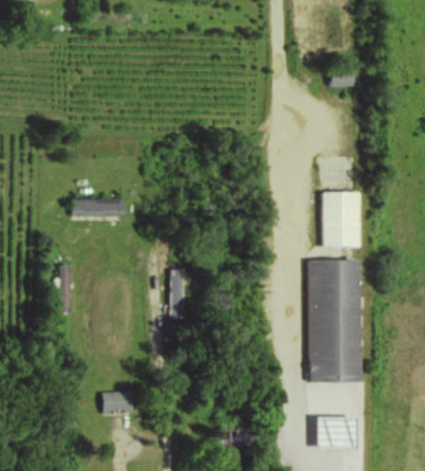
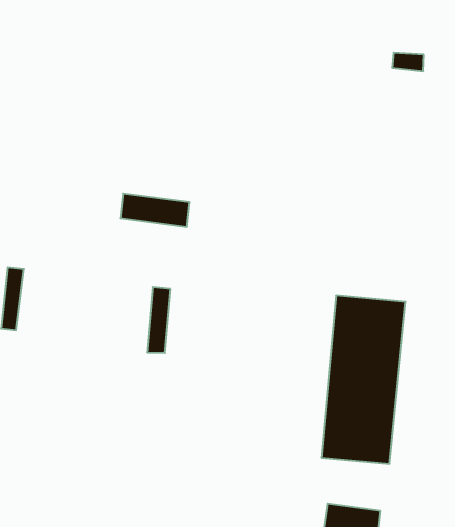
building: [322,192,359,246] -> none
building: [74,198,124,218] -> [120,194,190,227]
building: [103,391,133,413] -> none

